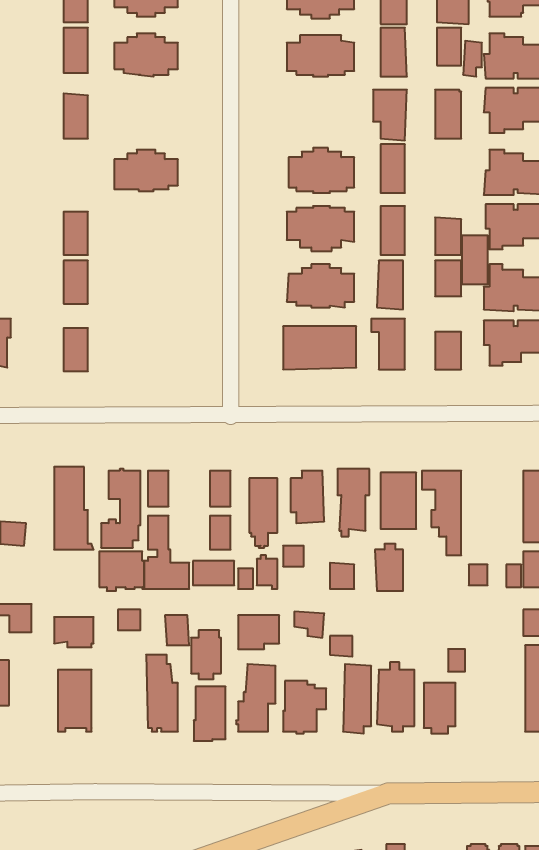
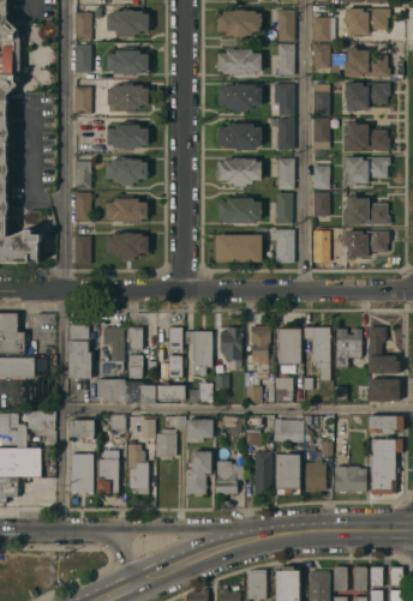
building: none -> [107,84,148,112]
building: none -> [219,84,262,113]
building: none -> [106,158,148,186]
building: [462,236,488,284] -> [312,119,329,150]
building: none -> [106,196,148,223]
building: none -> [107,233,148,260]
building: none -> [335,329,360,368]
building: none -> [274,420,304,443]
building: [194,687,226,741] -> [97,459,118,494]
building: none -> [334,467,365,493]

